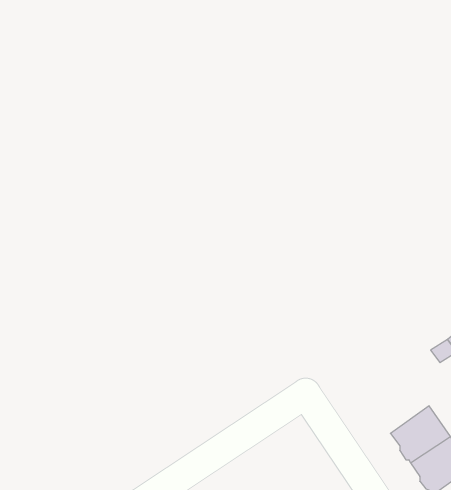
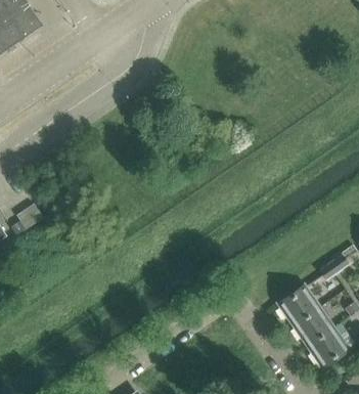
building: none -> [279,287,319,325]

